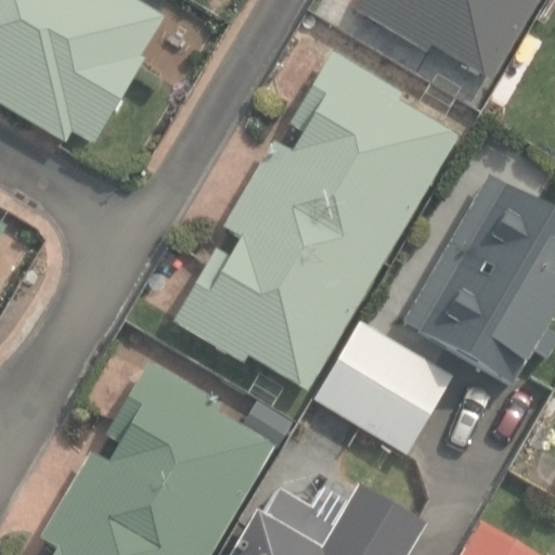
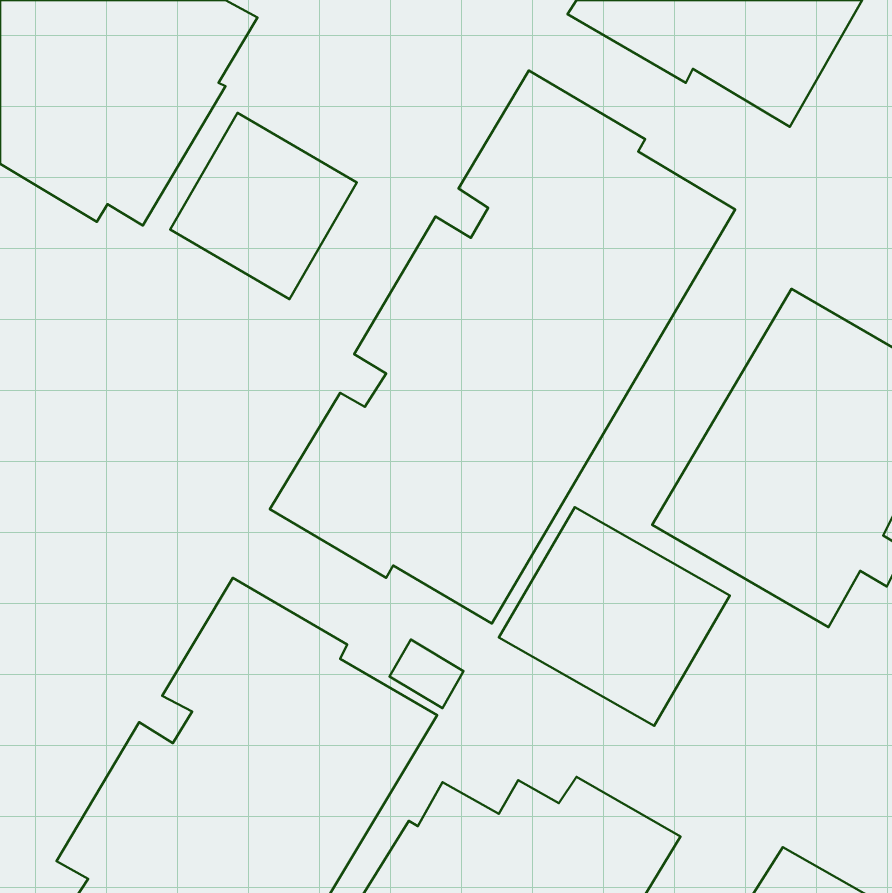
building: none -> [170,113,357,299]

